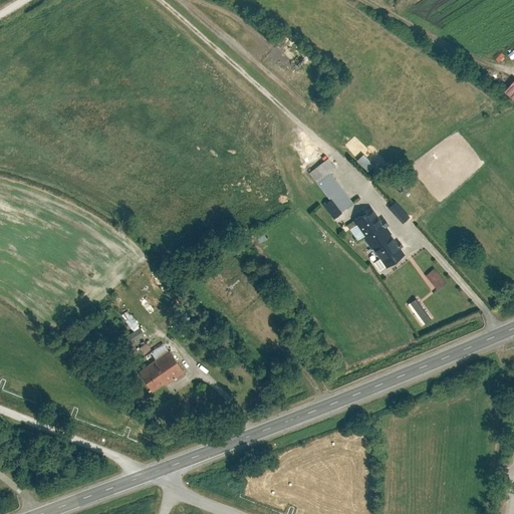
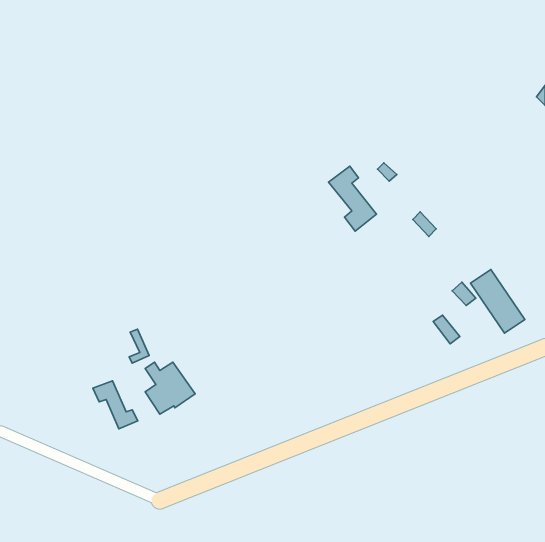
building: [354,208,406,268] -> [470,269,525,333]
building: none -> [93,381,138,429]

